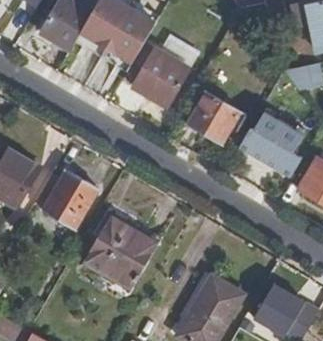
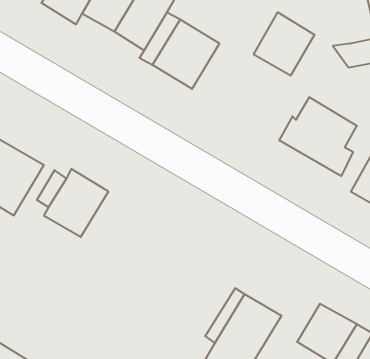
building: [190,91,241,144] -> [254,12,315,76]
building: [87,218,158,284] -> none

